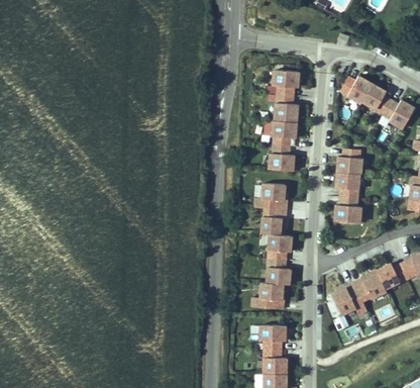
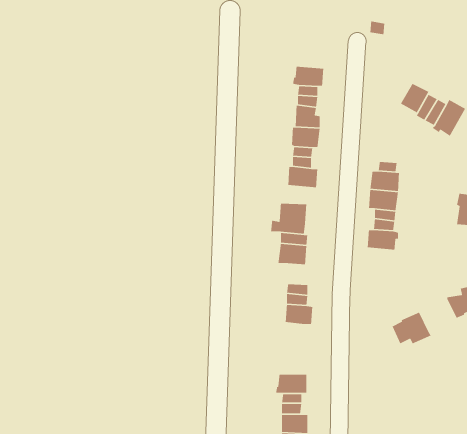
building: [340,76,373,103] -> none
building: [269,233,292,252] -> none
building: [379,261,409,290] -> none
building: [252,282,285,309] -> none
building: [334,285,369,317] -> none

